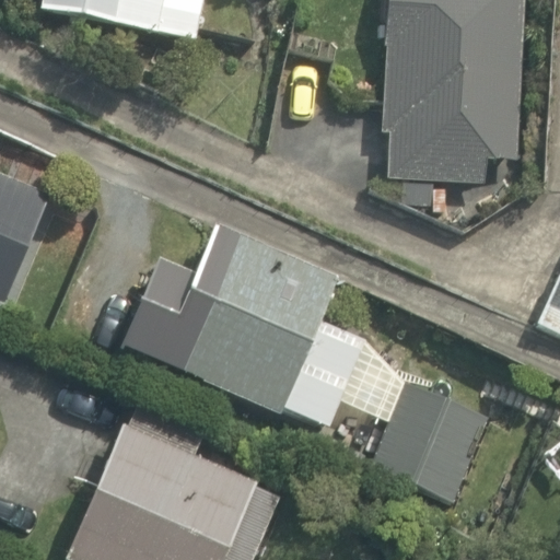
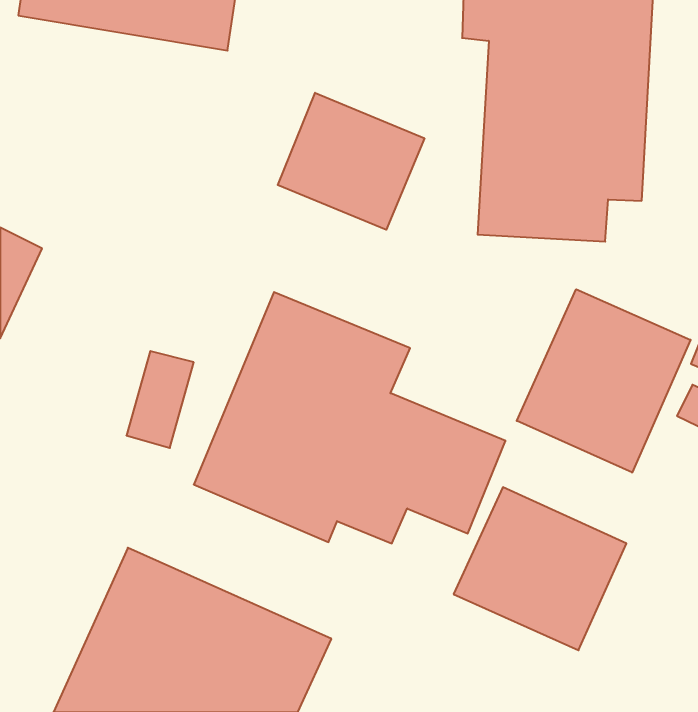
building: none -> [278,93,424,230]
building: none -> [517,289,691,473]

